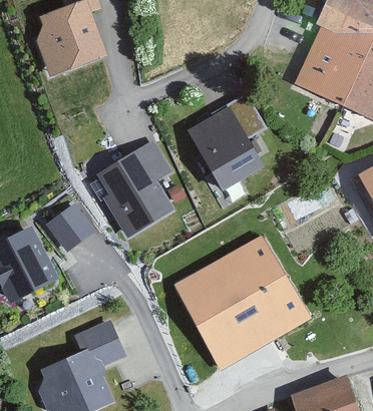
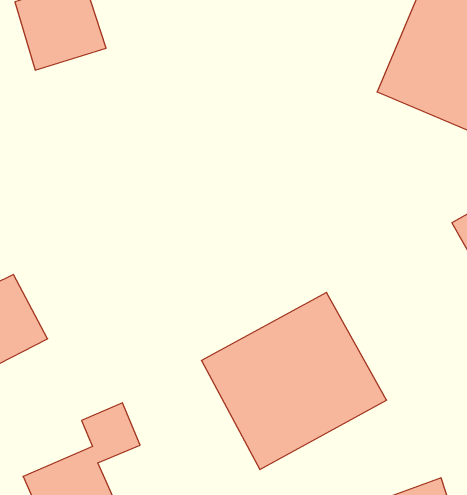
building: [196,109,266,188] -> none
building: [100,147,171,238] -> none
building: [50,202,93,246] -> none

